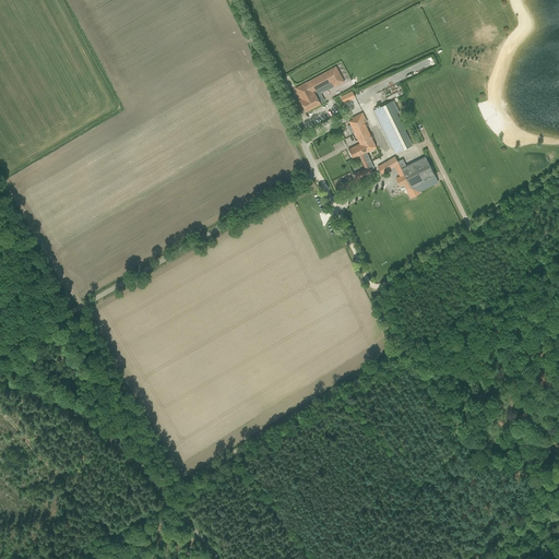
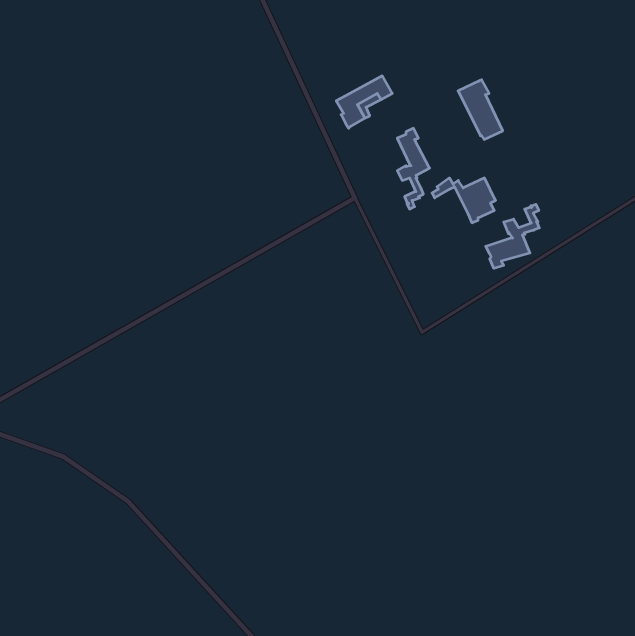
building: [373,100,413,153] -> [458,80,503,139]
building: none -> [486,204,539,268]

